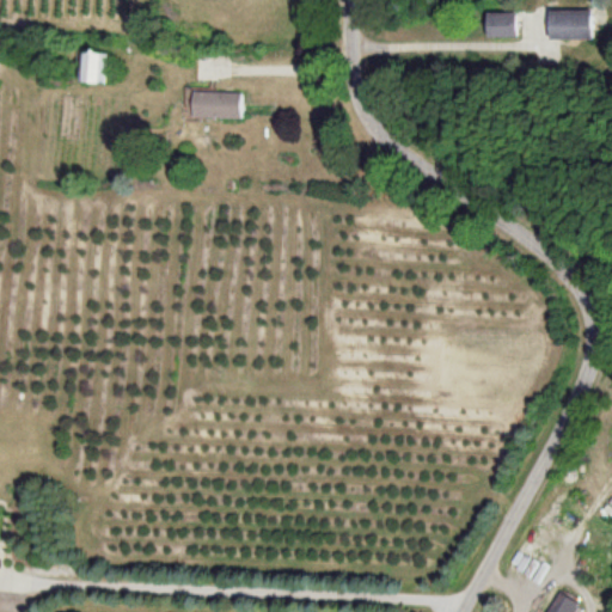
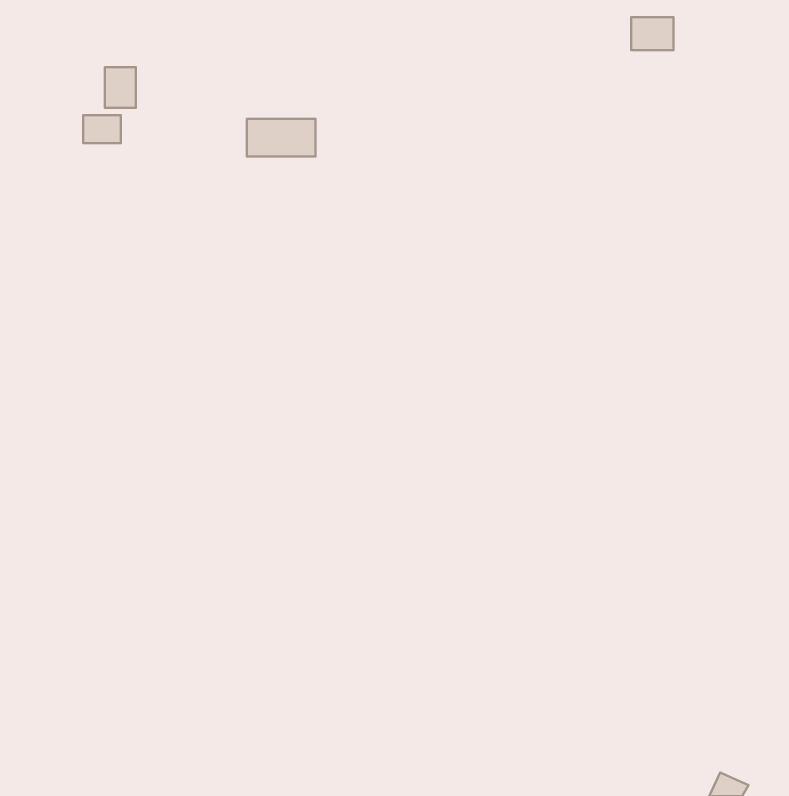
building: [551,11,592,41] -> none
building: none -> [83,115,121,143]

